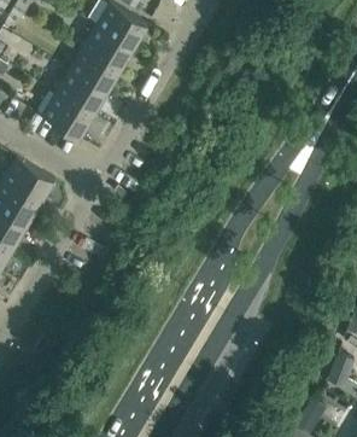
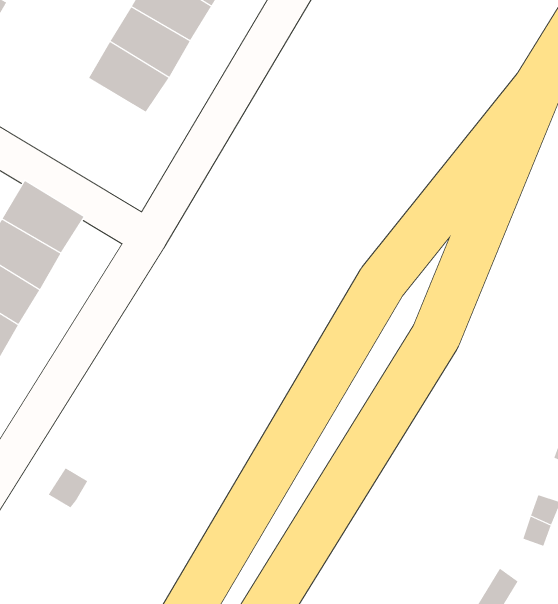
building: [42,93,93,139] -> none

